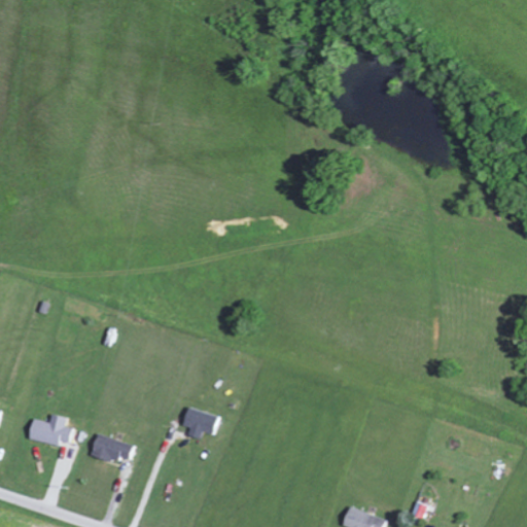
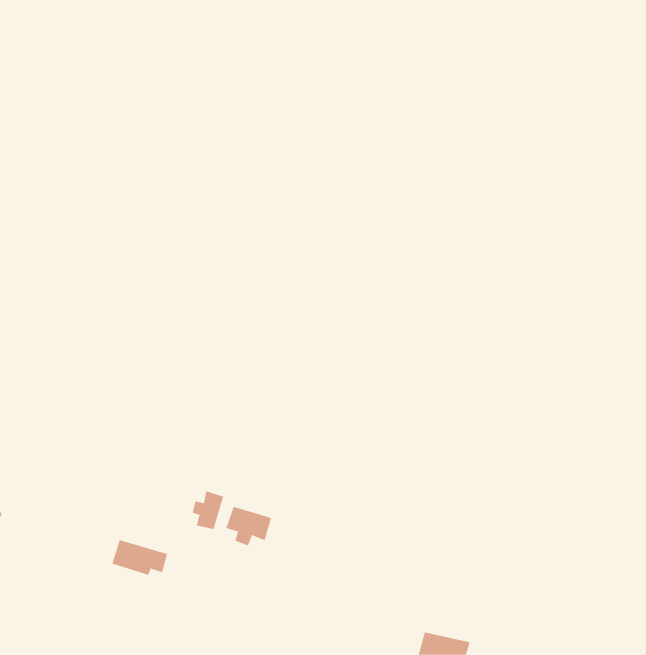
building: none -> [192,491,224,530]
building: [29,414,73,446] -> none

